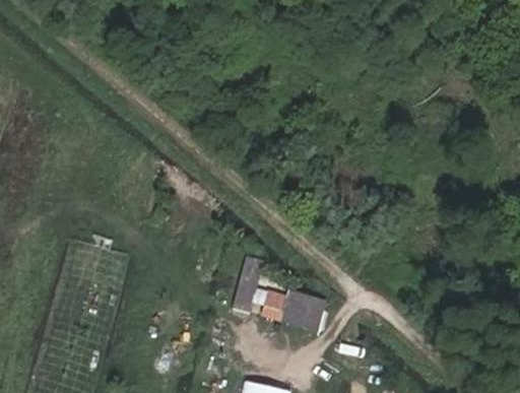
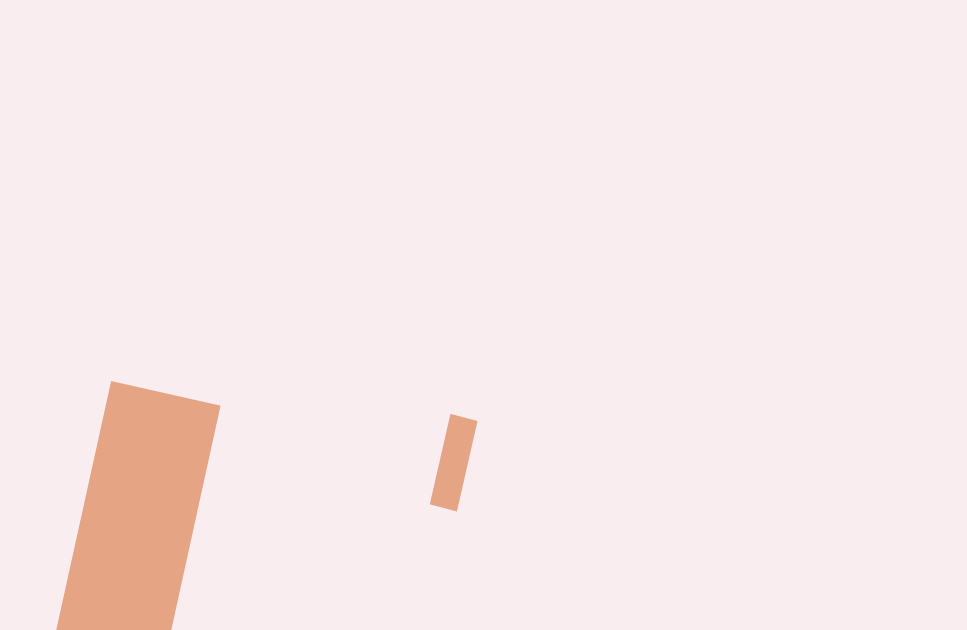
building: [263,290,332,332] -> none

